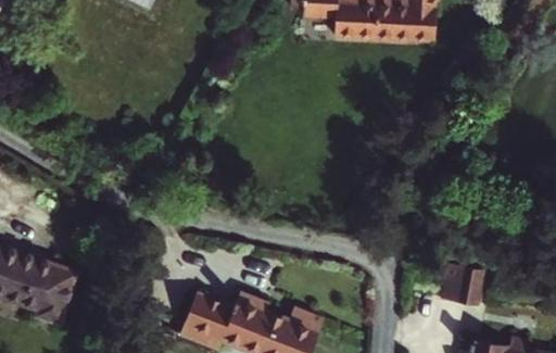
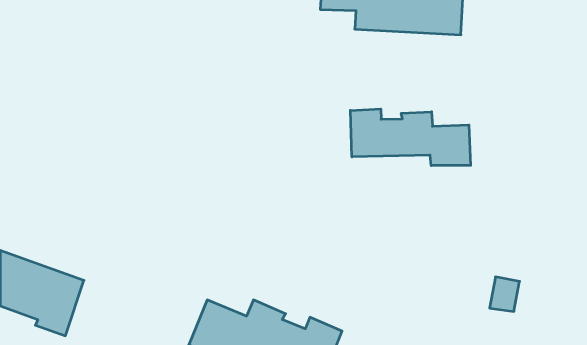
building: none -> [350,109,471,166]

